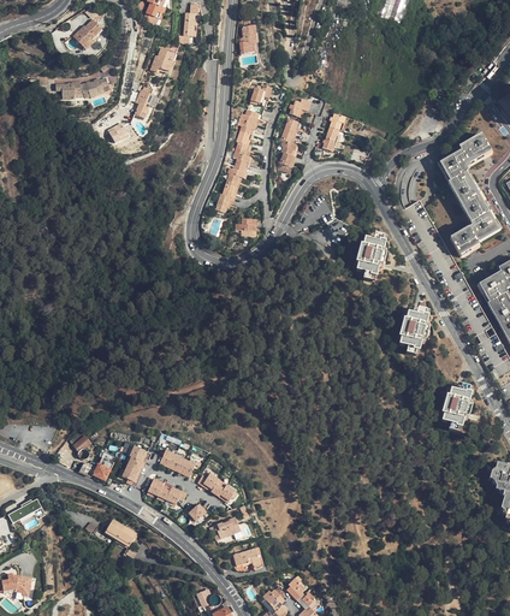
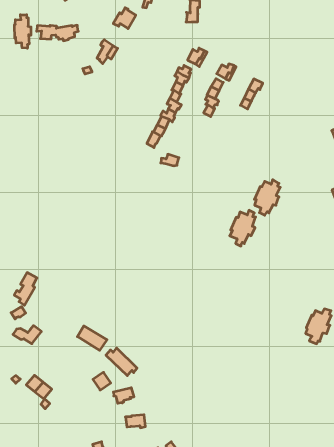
building: none -> [14,15,31,48]
building: [399,308,429,354] -> [230,210,256,246]
building: [120,443,146,484] -> [14,273,37,305]
building: [147,476,188,504] -> none

